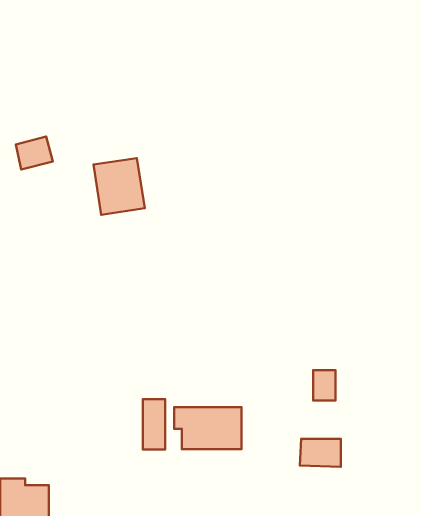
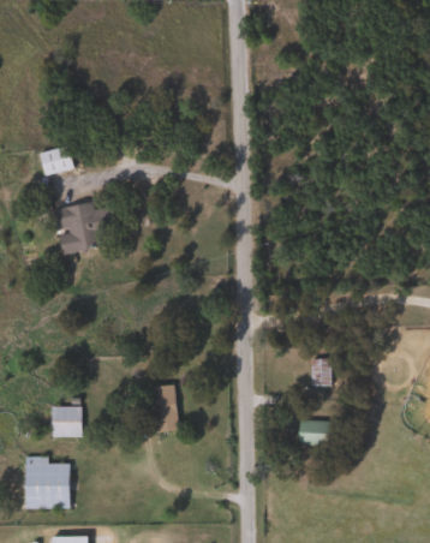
building: [93,158,145,215] -> [55,202,102,253]
building: [174,407,242,449] -> none
building: none -> [52,406,80,436]

